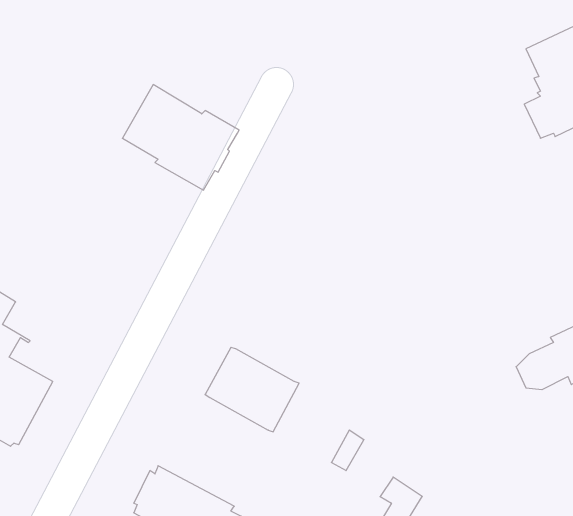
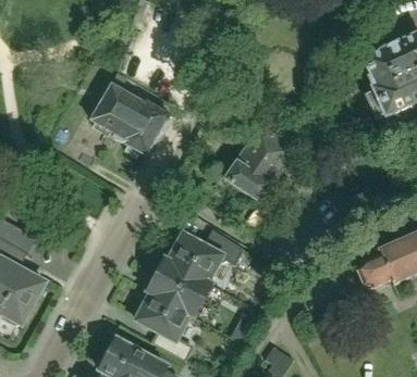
building: none -> [228,124,297,201]
building: none -> [168,230,242,281]
building: none -> [136,292,192,361]

